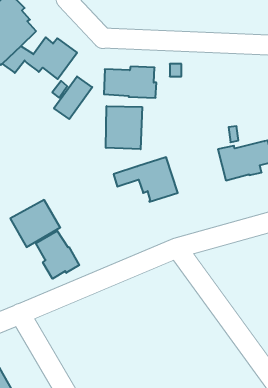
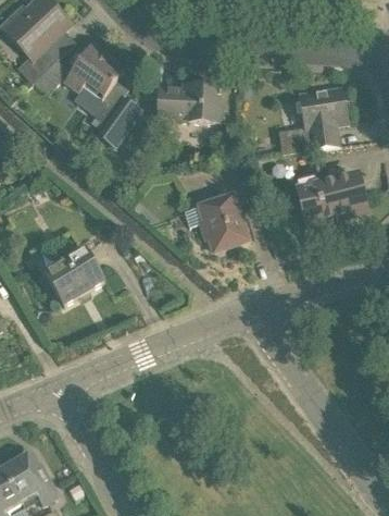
building: none -> [278,87,348,153]
building: [106,106,142,149] -> none
building: [36,231,79,279] -> none

